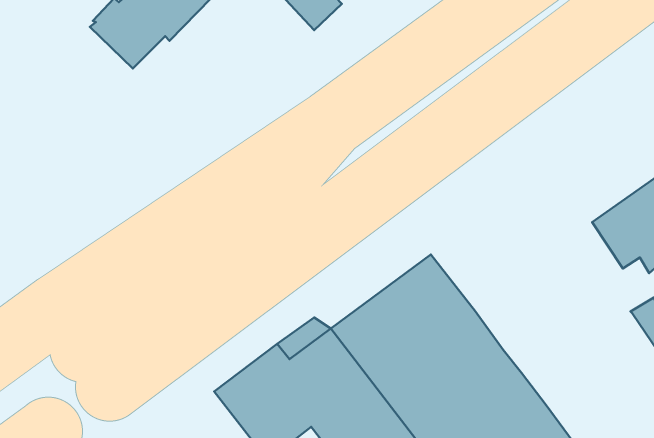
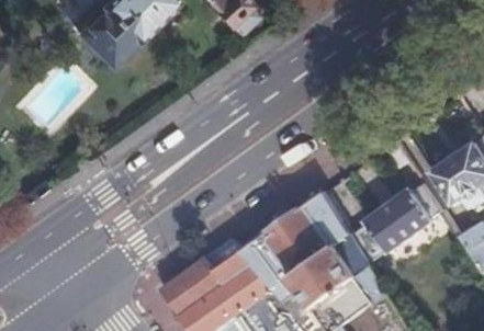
building: none -> [347,181,441,262]

